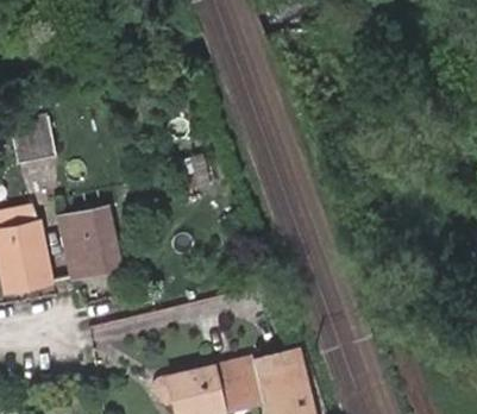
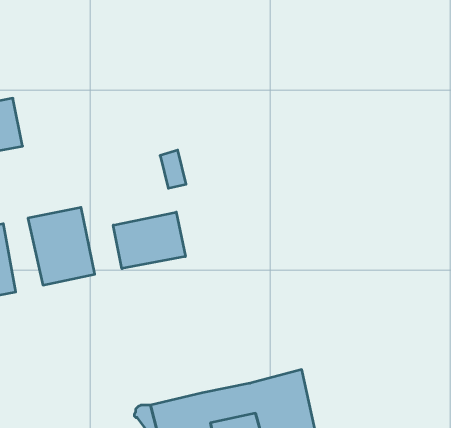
building: none -> [113,212,185,269]

